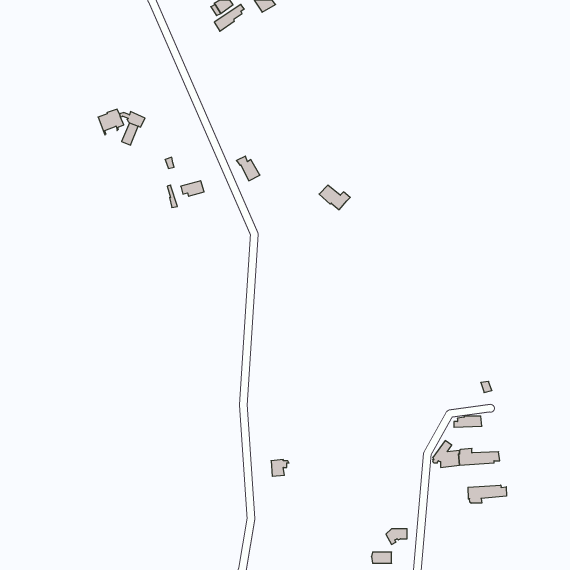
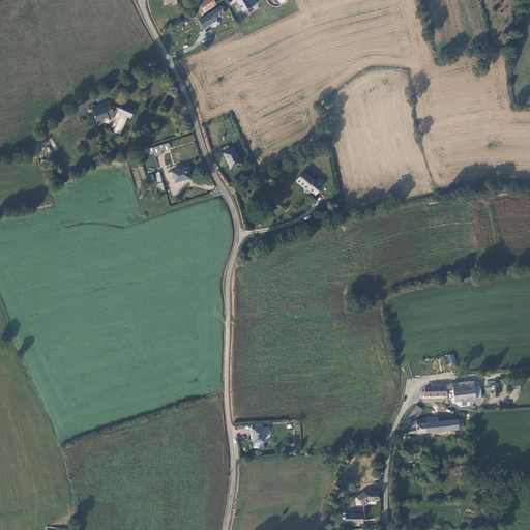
building: none -> [452,381,481,402]
building: [468,485,506,503] -> none

